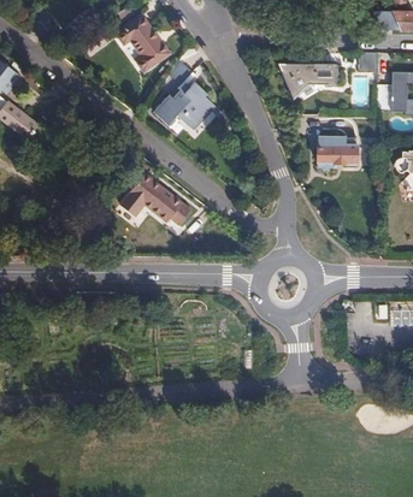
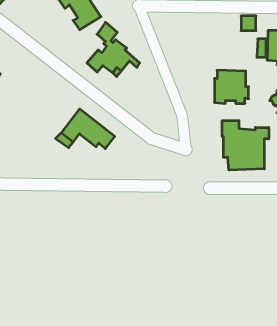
building: [277,63,335,97] -> none
building: none -> [222,121,269,170]

